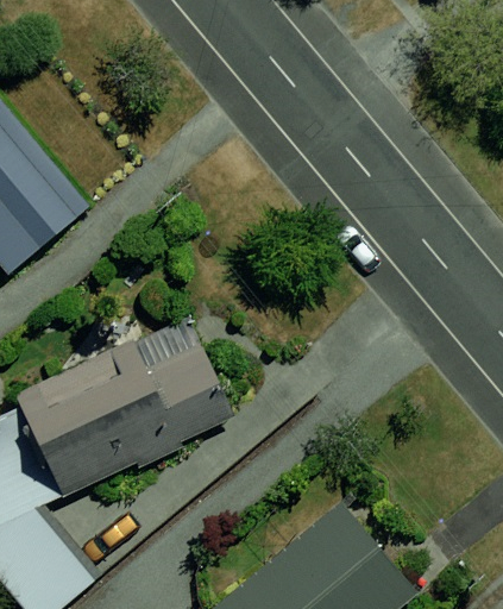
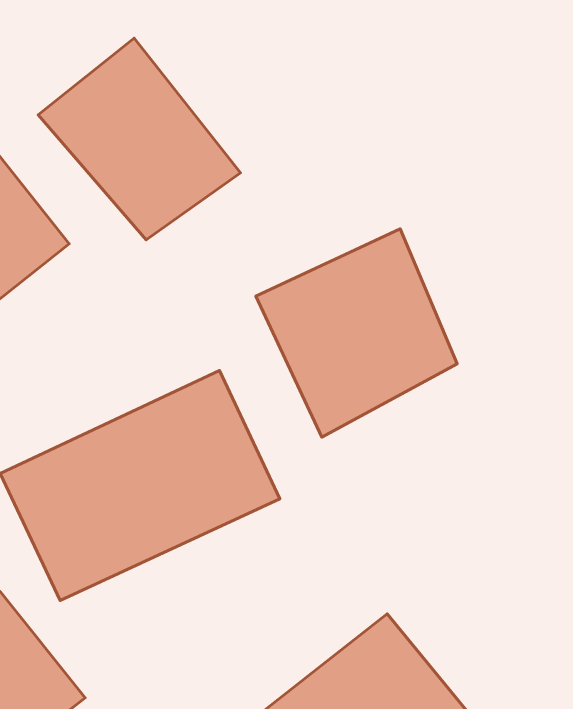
building: none -> [38,38,240,240]
building: none -> [256,229,457,437]

